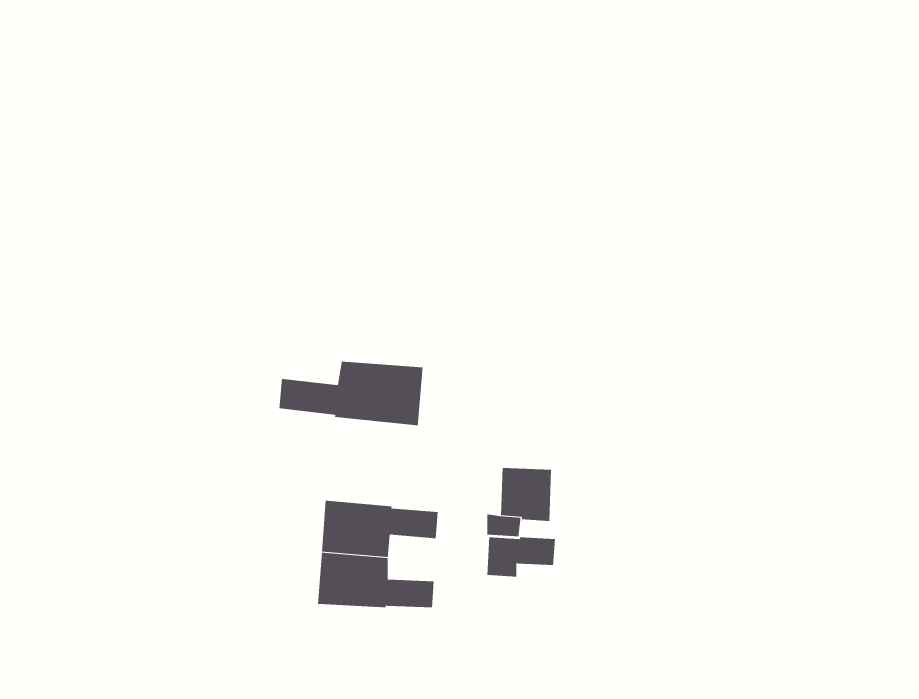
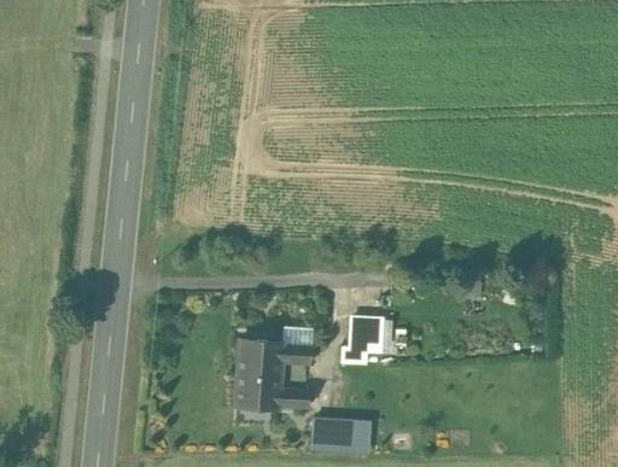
building: [279,361,423,426] -> none
building: [487,537,556,577] -> [314,421,357,446]

